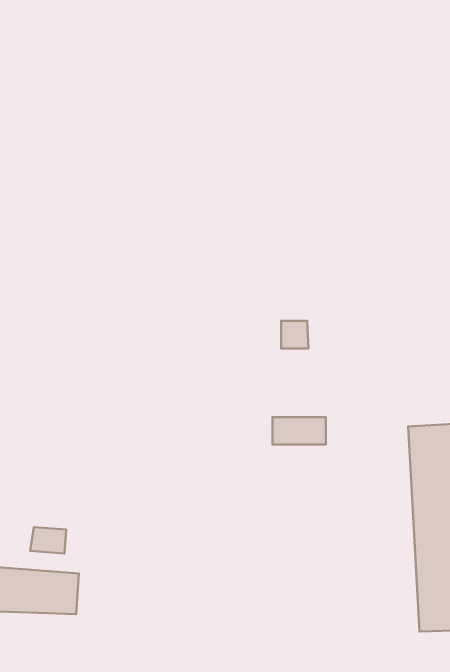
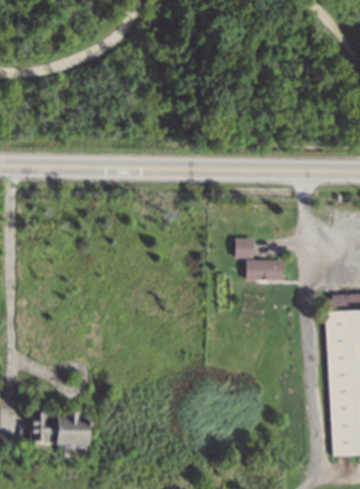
building: [272,417,326,444] -> [245,261,283,280]
building: [30,527,66,553] -> none

